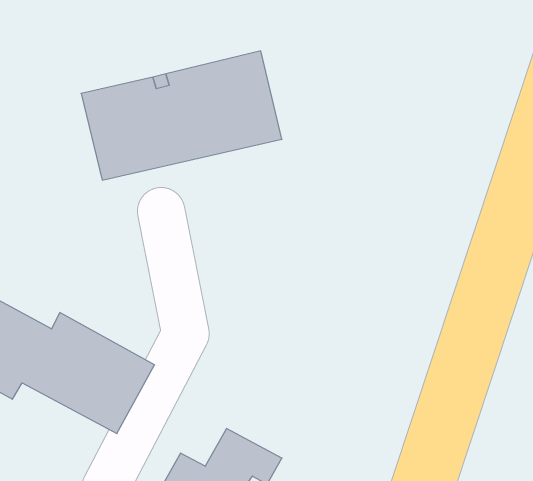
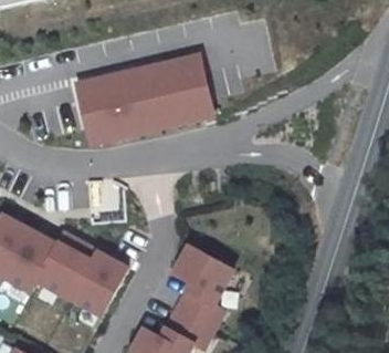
building: none -> [172,245,232,331]

